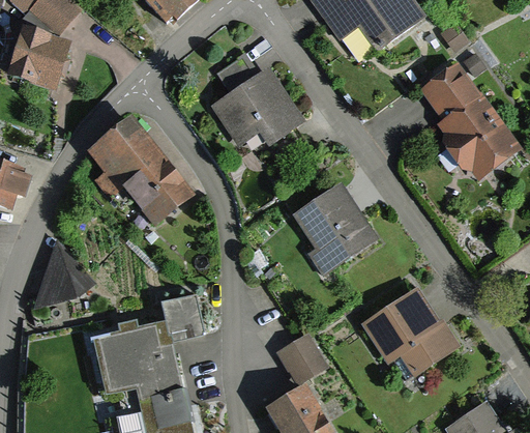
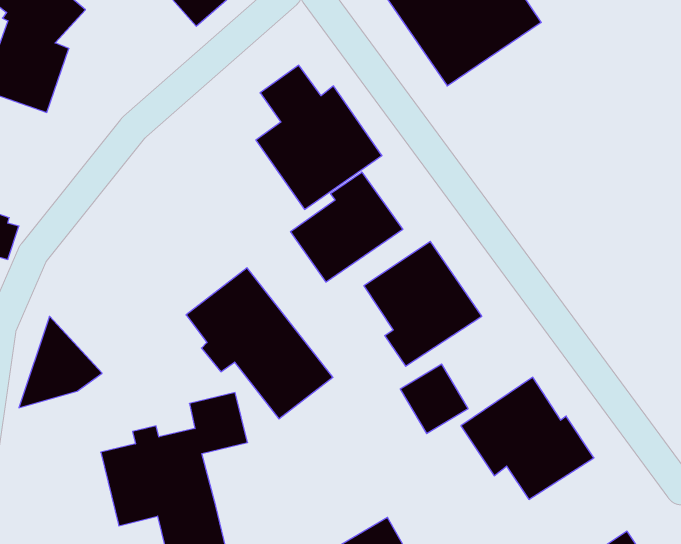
building: [422,61,523,181] -> none
building: [86,114,196,227] -> [186,268,333,419]
building: none -> [291,172,403,282]
building: [277,335,328,386] -> [400,364,468,434]

